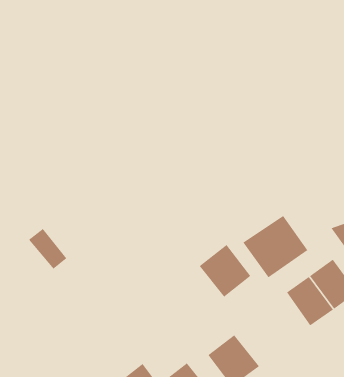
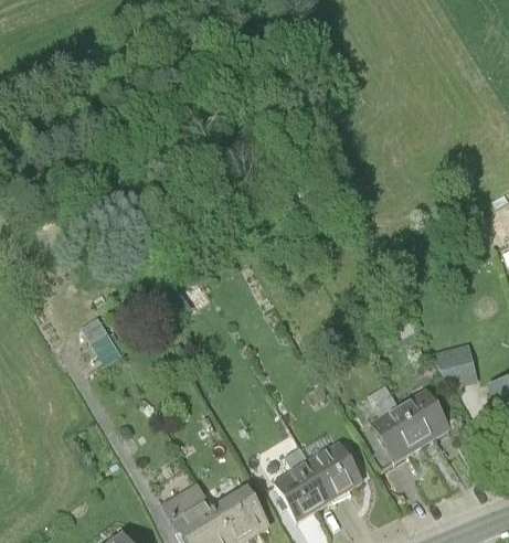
building: [243,215,308,278] -> none
building: [199,244,251,298] -> [305,439,363,500]

